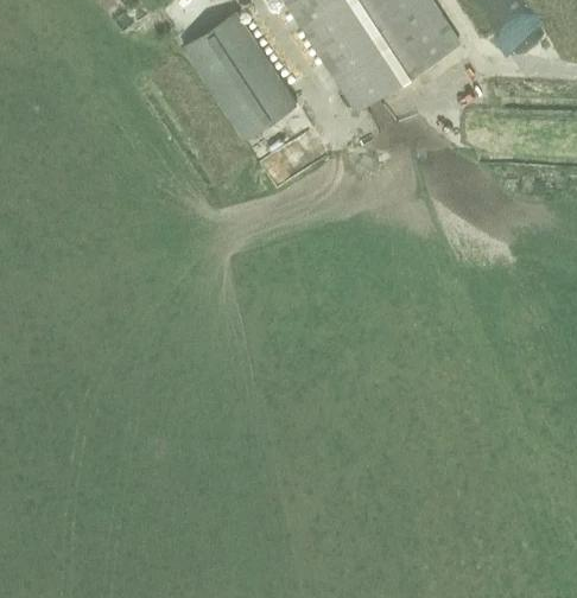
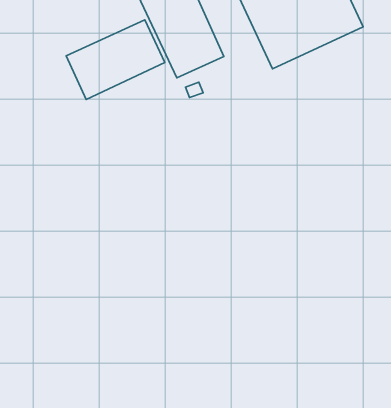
building: none -> [66,20,165,99]

